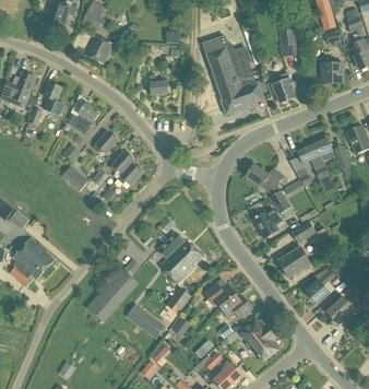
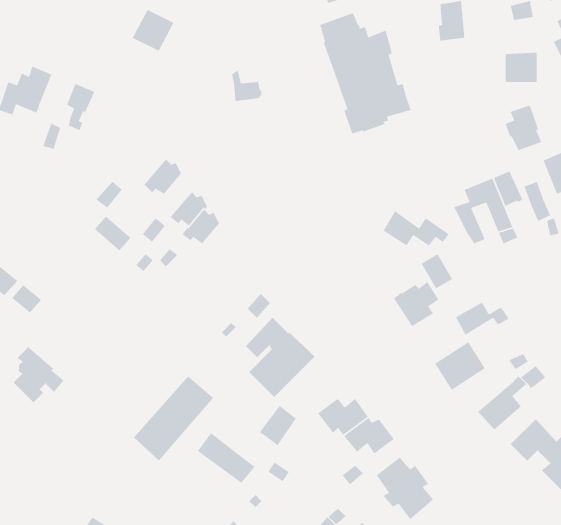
building: [271,72,295,102] -> [504,105,542,151]
building: [66,101,100,135] -> none
building: [20,237,53,271] -> none

